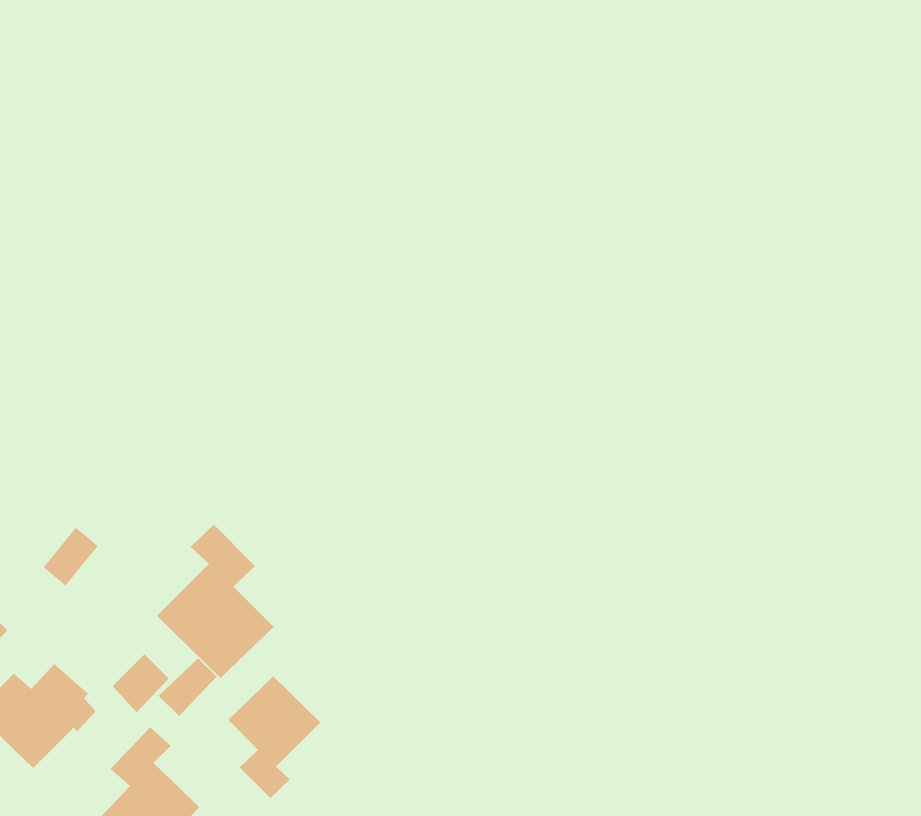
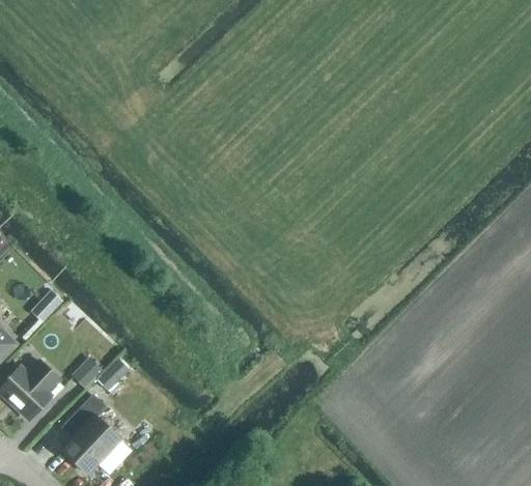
building: [156,524,274,679] -> none
building: [227,675,321,799] -> none

